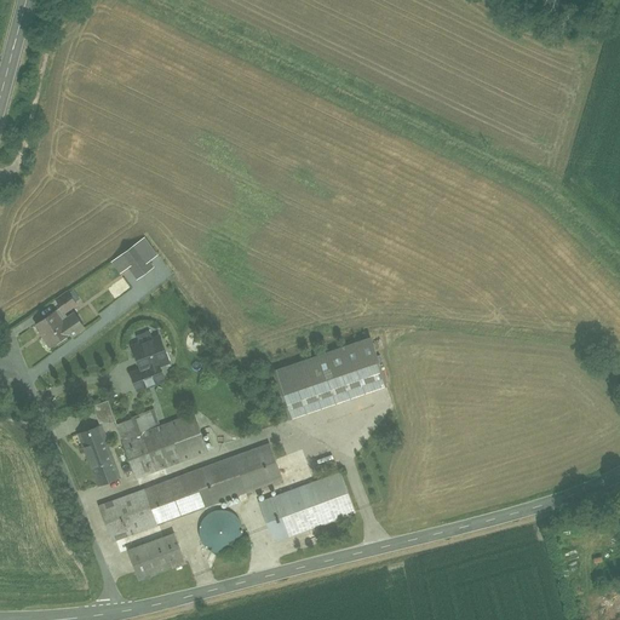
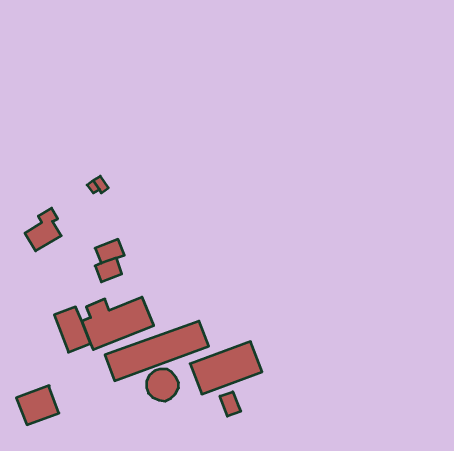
building: [270,335,386,418] -> none
building: [98,486,156,539] -> [16,386,59,425]
building: [127,532,185,579] -> none
building: none -> [220,392,241,416]

